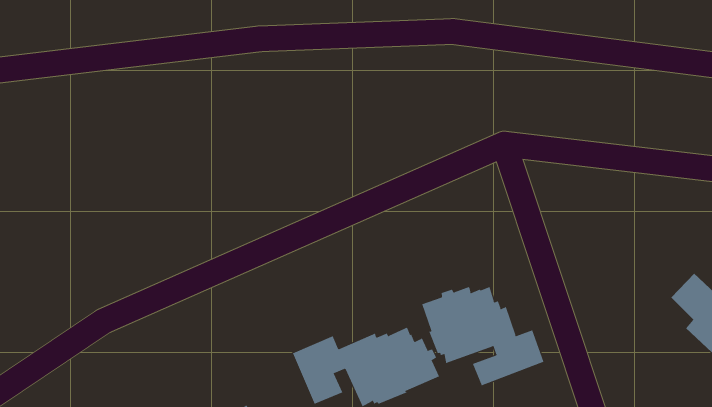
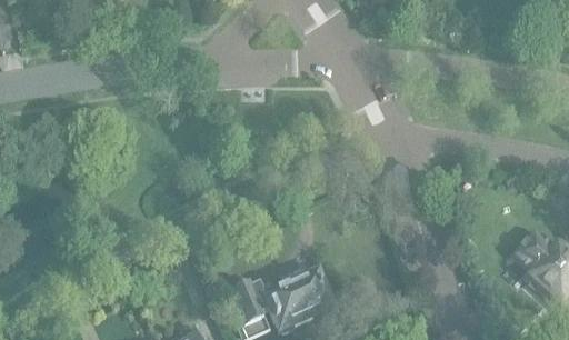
building: [421,286,544,386] -> none

